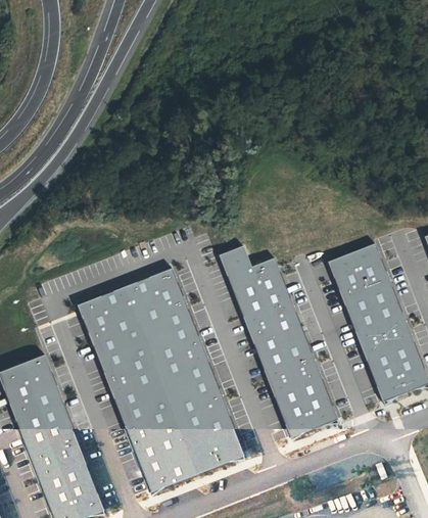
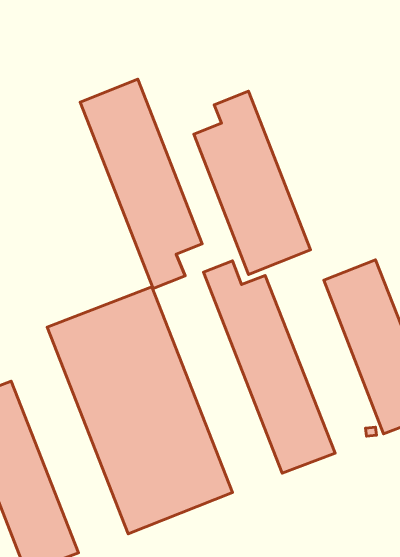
building: none -> [80,79,202,288]
building: none -> [194,91,311,274]

